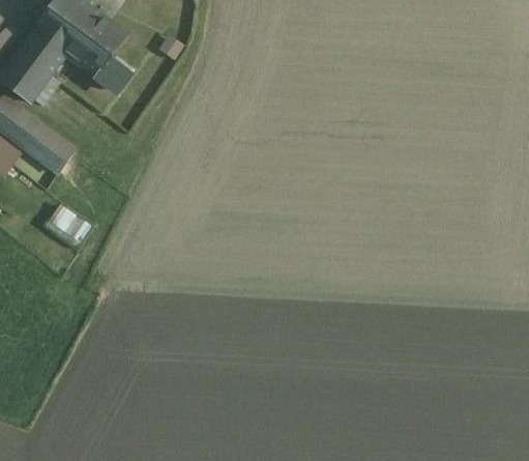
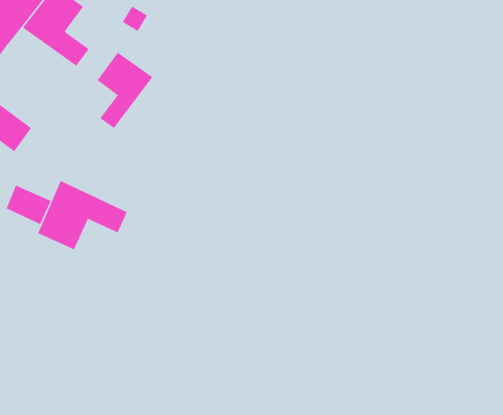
building: none -> [97,52,153,129]
building: none -> [37,180,128,250]

